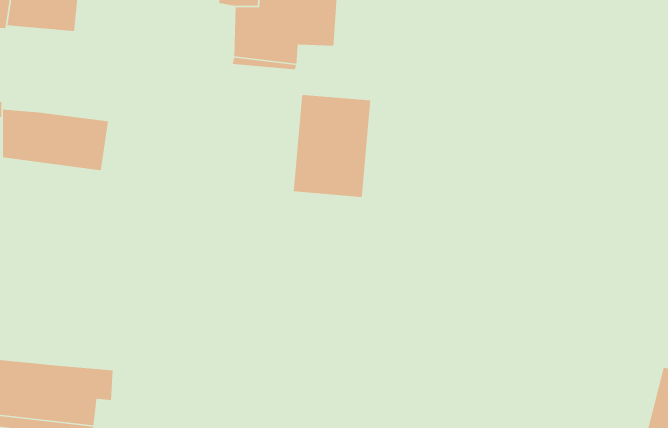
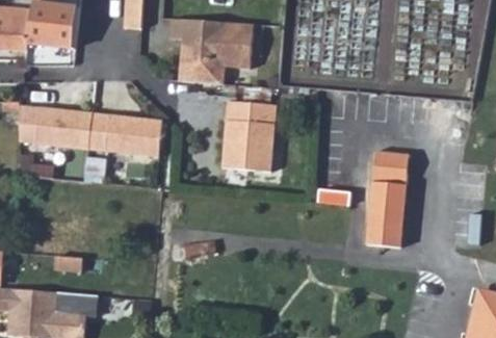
building: none -> [86,116,160,161]
building: none -> [368,150,410,244]

